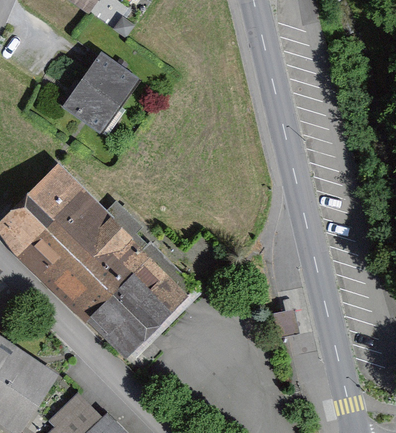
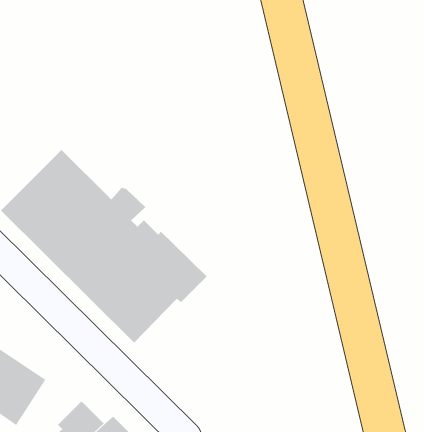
building: [63,57,130,128] -> none

